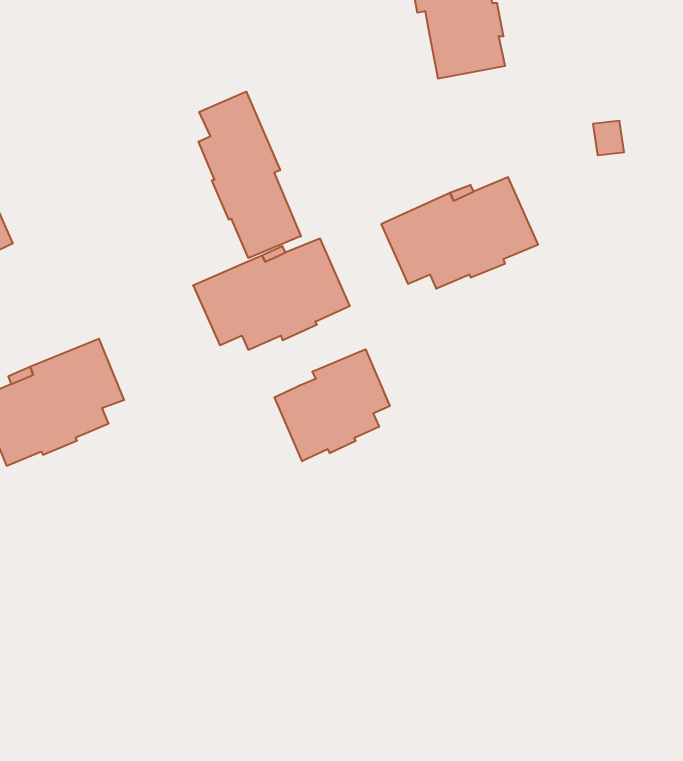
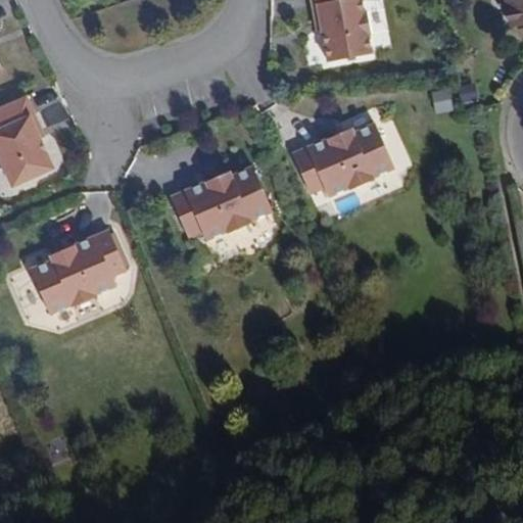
building: [199,92,301,258] -> none
building: [275,349,390,461] -> none

